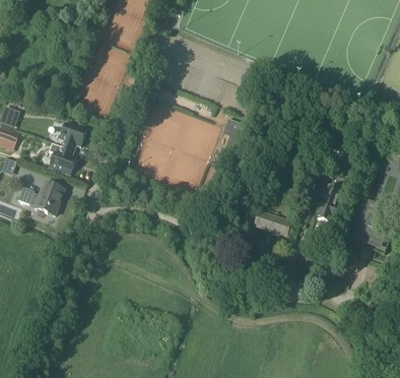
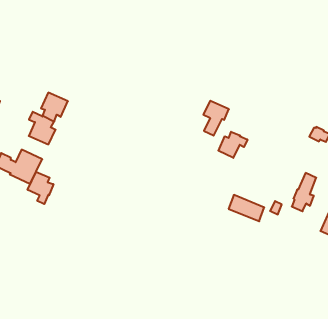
building: none -> [218,132,247,158]
building: none -> [28,172,53,204]

